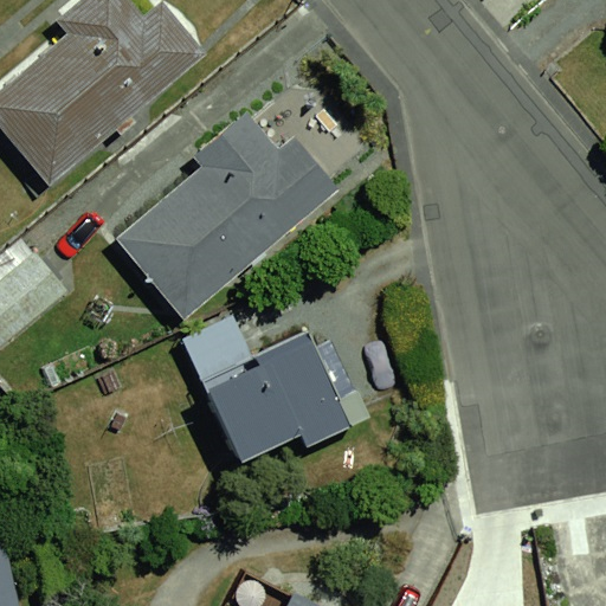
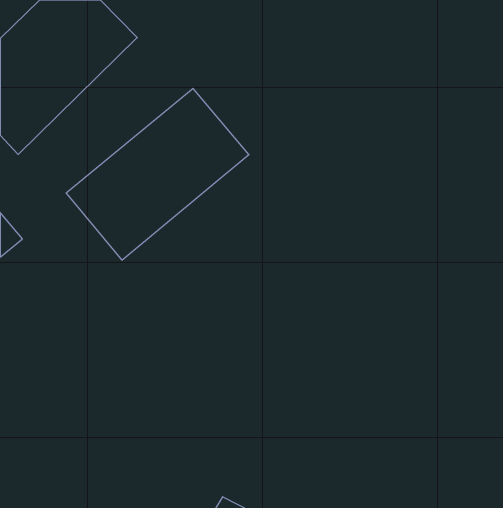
building: [183,339,334,470] -> none

